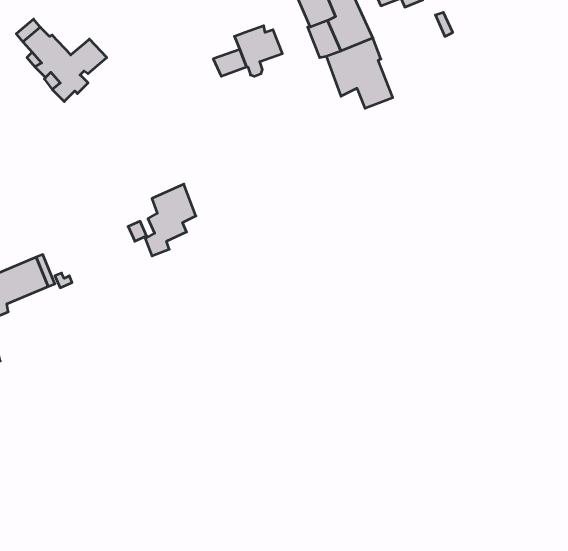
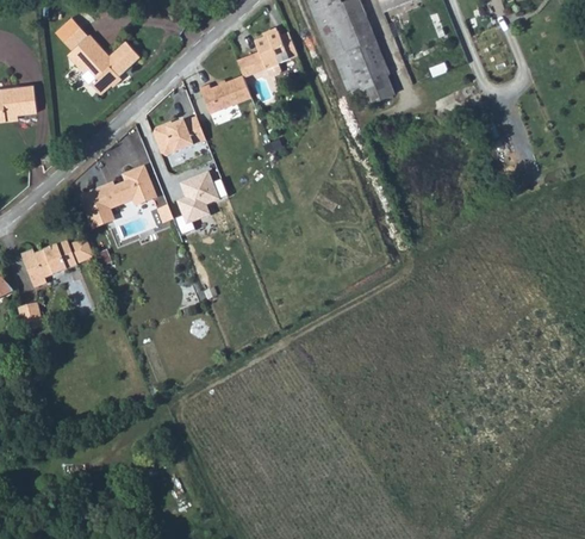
building: none -> [199,79,253,117]
building: none -> [151,117,205,155]
building: none -> [77,165,154,225]

